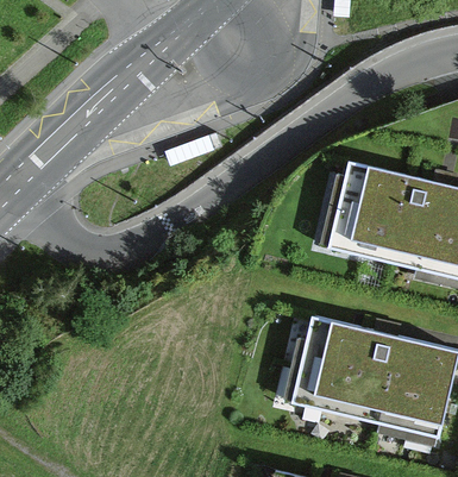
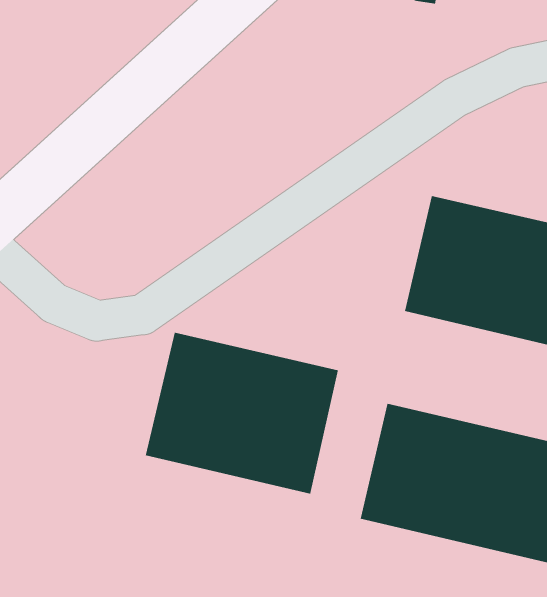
building: none -> [145,332,339,495]

